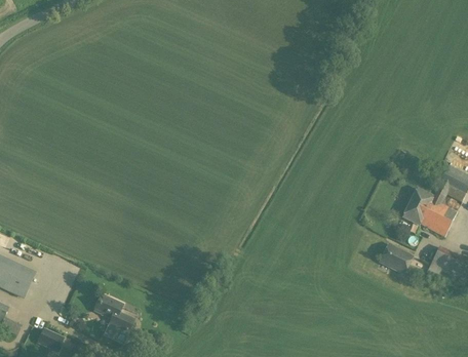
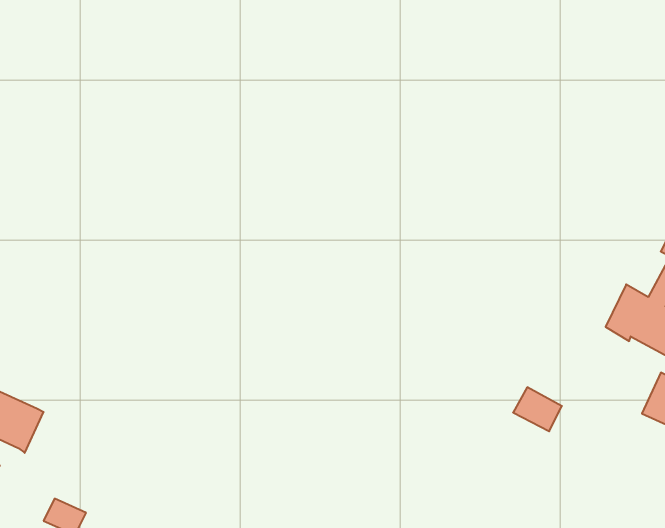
building: [379,244,411,273] -> [513,387,562,431]
building: [94,295,131,332] -> none

